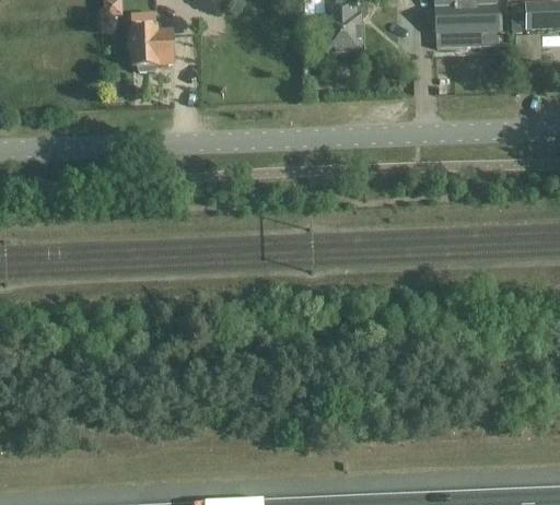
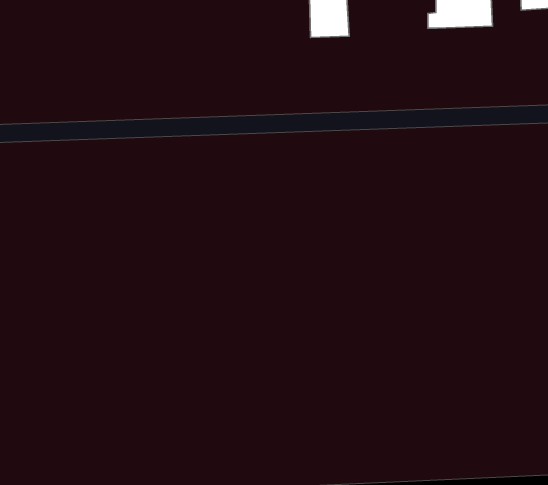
building: [128,26,173,69] -> none

